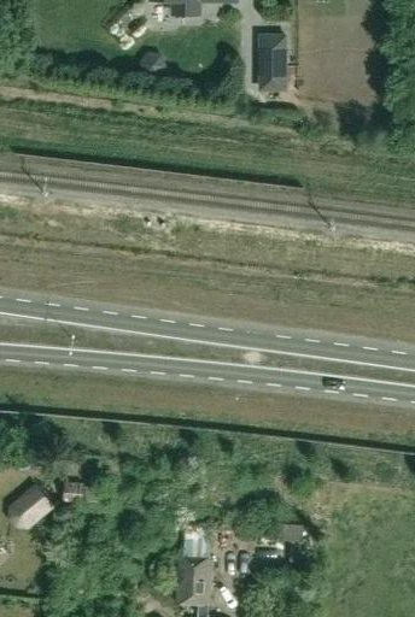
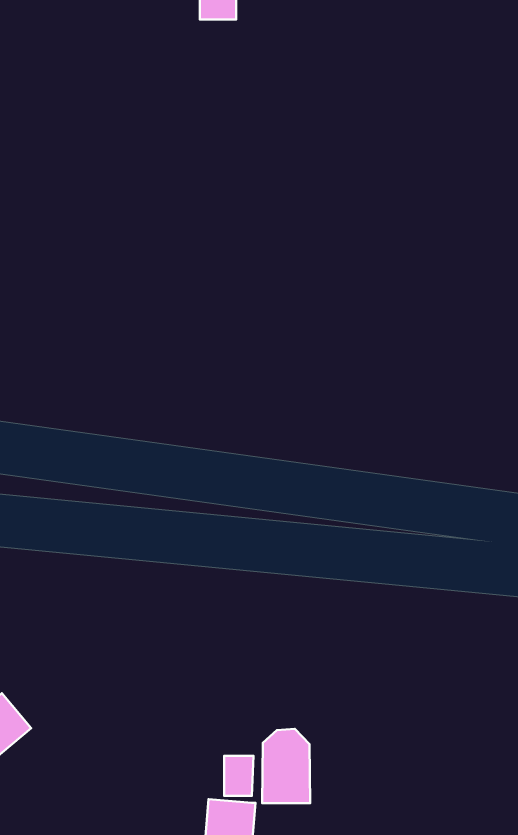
building: [264,36,286,89] -> none
building: none -> [262,729,310,803]

